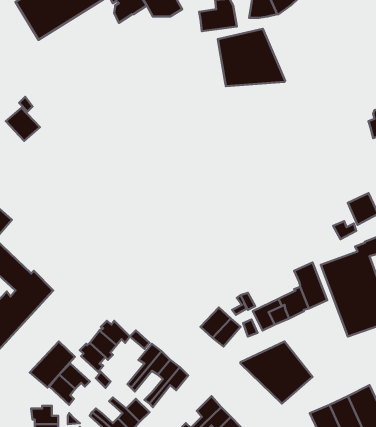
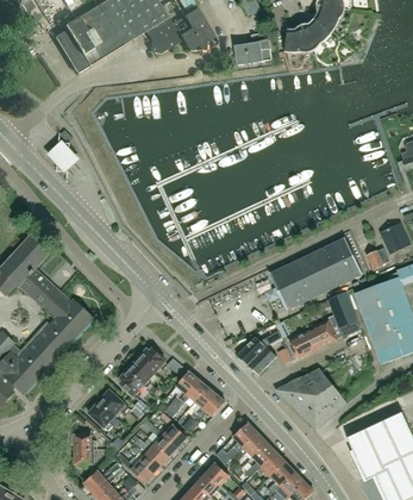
building: [218,29,285,86] -> none
building: none -> [269,237,362,310]
building: [30,341,75,387] -> none

